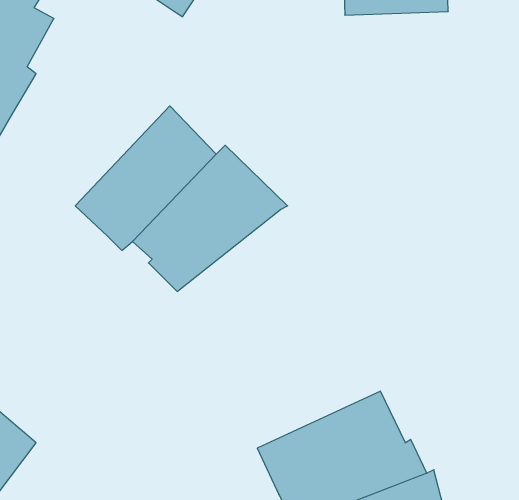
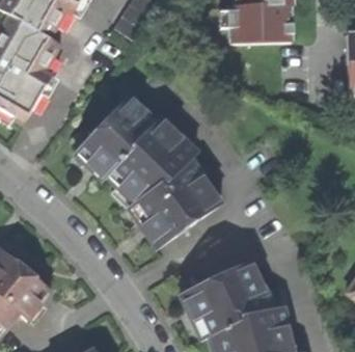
building: none -> [128,155,221,248]

